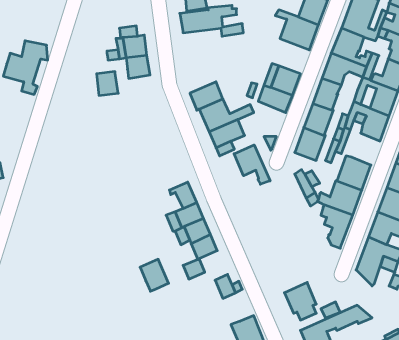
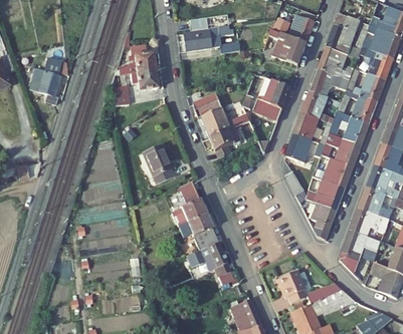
building: none -> [336,138,361,166]
building: none -> [143,144,173,184]
building: [234,145,270,184] -> none
building: [140,259,169,291] -> [201,242,226,270]

